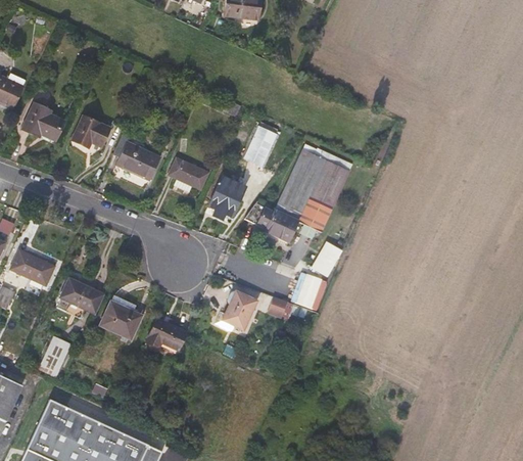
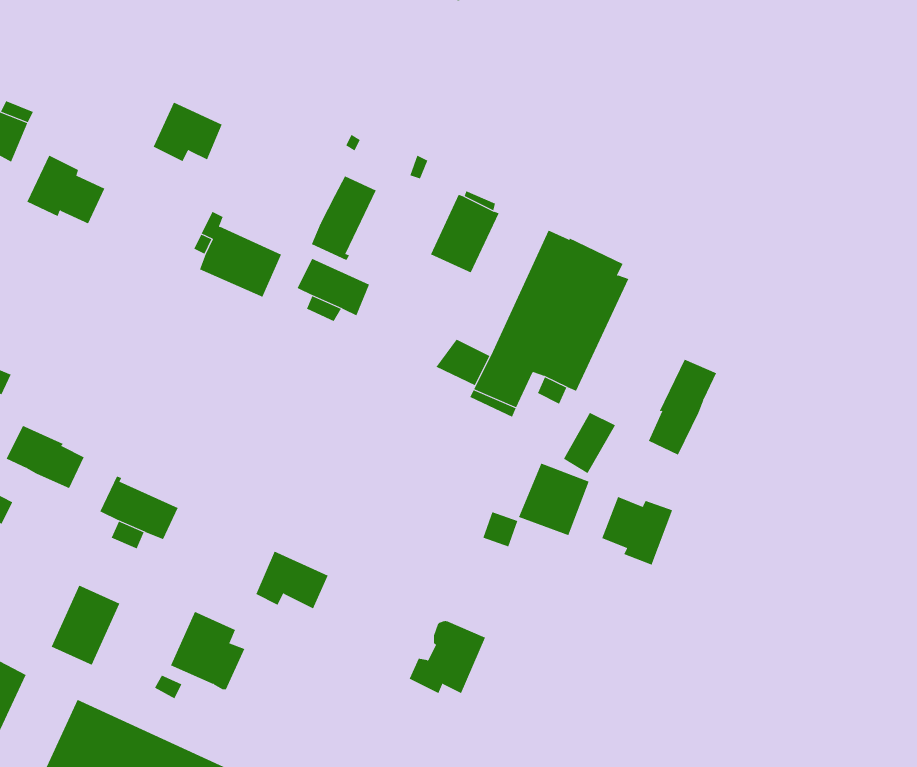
building: none -> [311,175,376,261]
building: [72,116,109,148] -> [153,102,222,162]
building: [208,178,241,217] -> none
building: none -> [648,359,717,455]
building: none -> [602,496,673,566]
building: [215,291,256,331] -> [409,621,486,694]
building: [100,295,141,338] -> [170,611,245,690]

